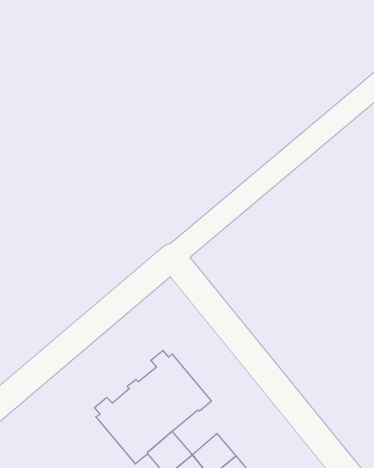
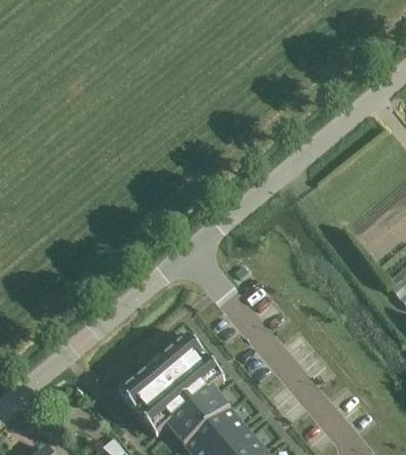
building: none -> [191,387,232,428]

